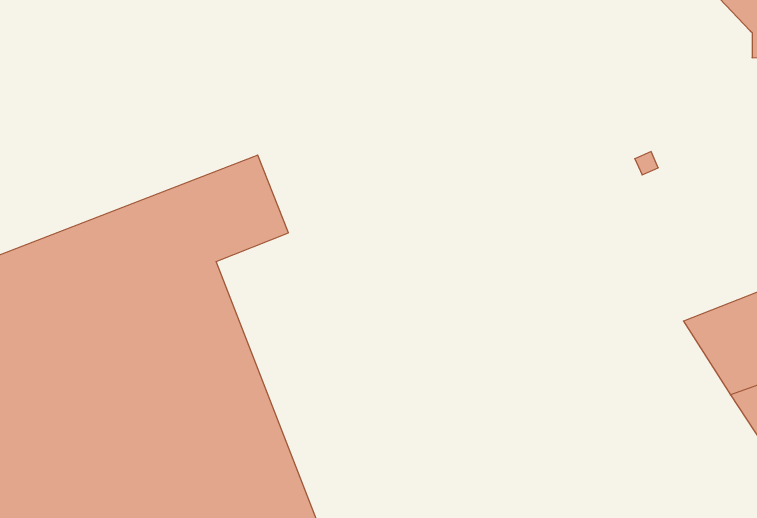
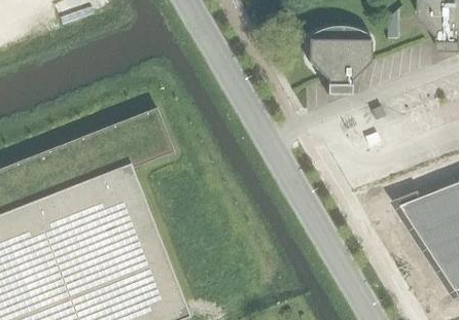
building: none -> [307,28,373,96]

